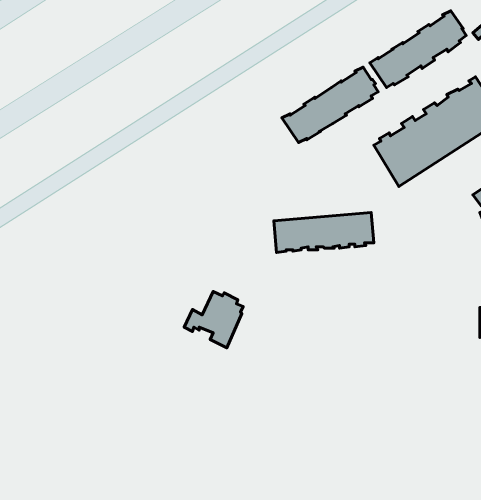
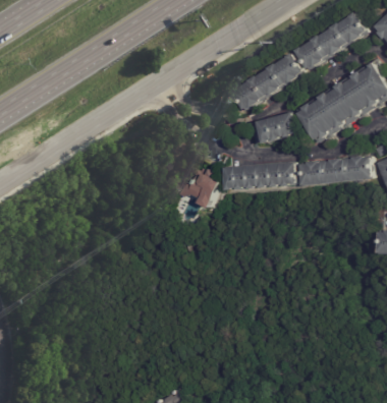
building: none -> [246,111,297,143]
building: none -> [300,156,373,186]
building: [184,292,243,348] -> [177,168,221,210]

